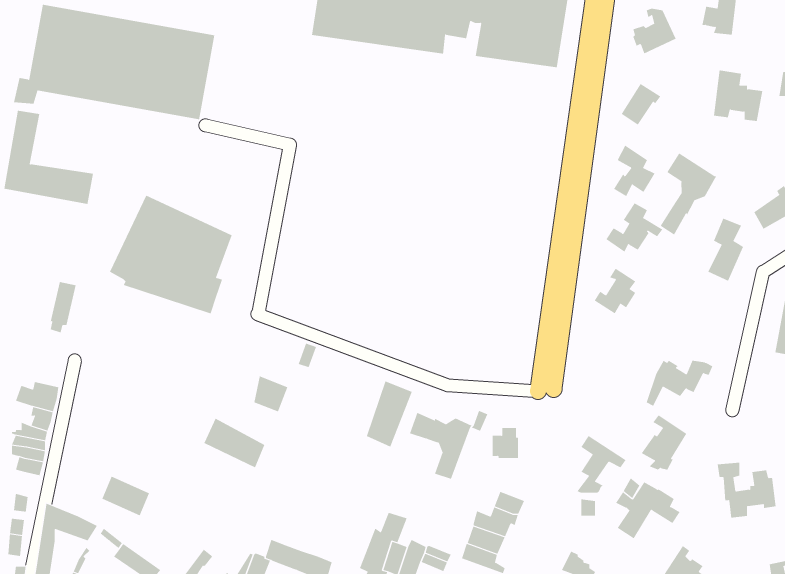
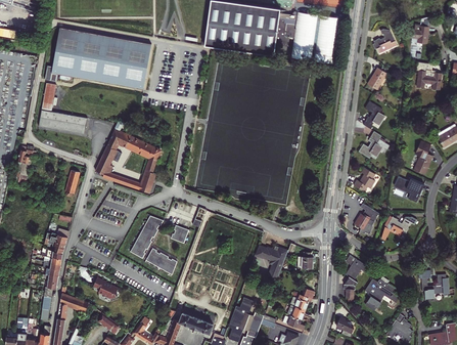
building: [660,153,717,236] -> none
building: none -> [395,176,424,203]
building: none -> [130,215,165,258]
building: [366,380,412,448] -> none
building: [641,415,687,470] -> [354,203,378,232]

